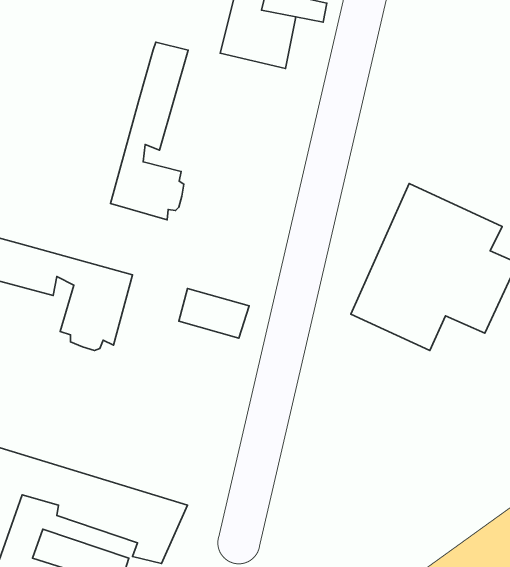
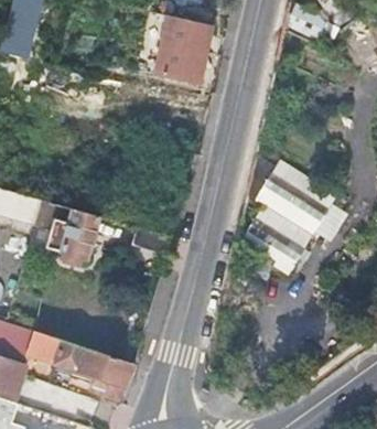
building: [110,42,188,220] -> none

